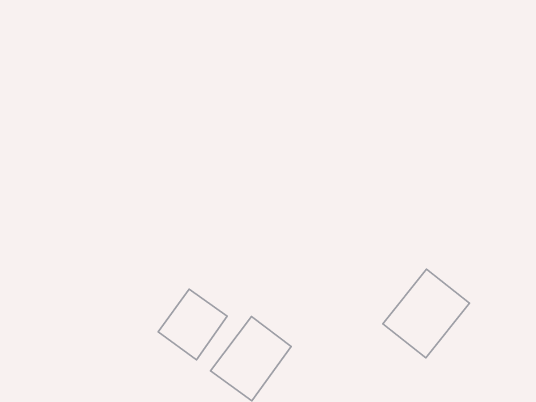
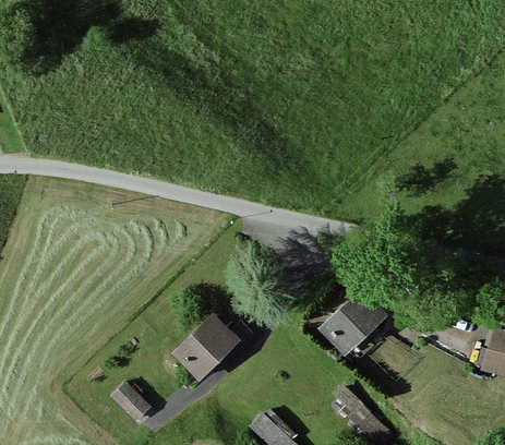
building: [158,289,227,360] -> none

